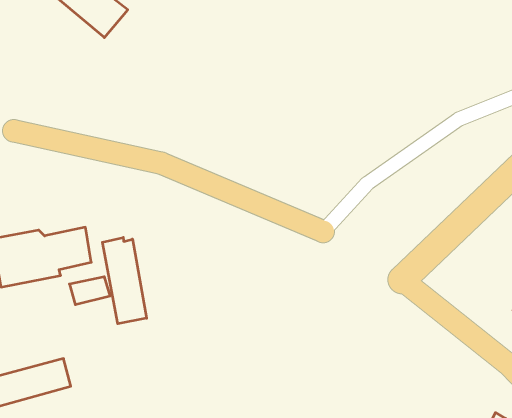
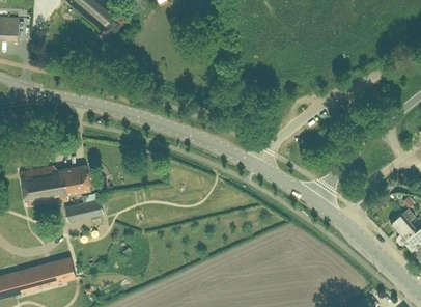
building: [102,237,147,324] -> none

